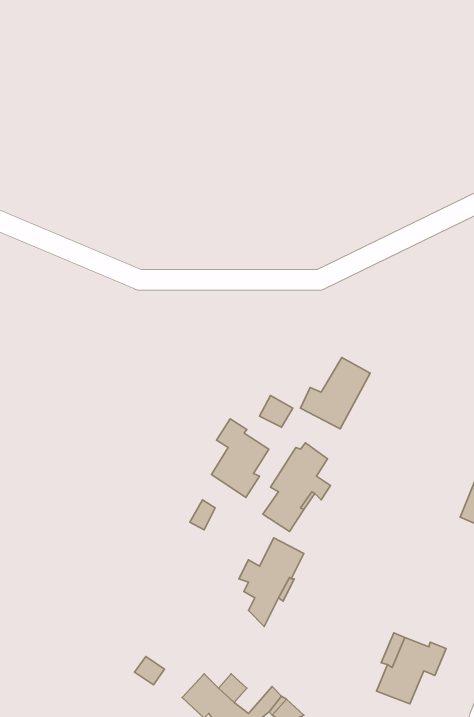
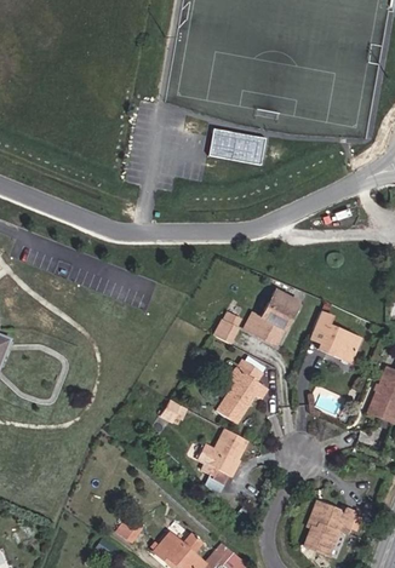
building: none -> [208,128,265,166]
building: none -> [310,312,360,362]
building: [212,419,269,498] -> none

